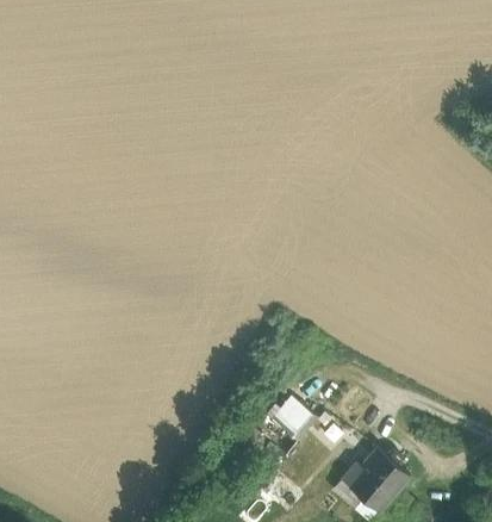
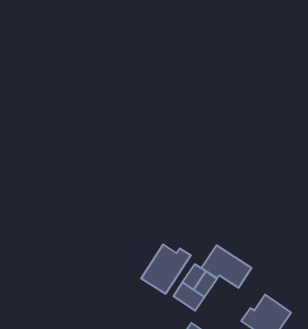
building: none -> [141,244,191,294]
building: none -> [201,245,251,288]

